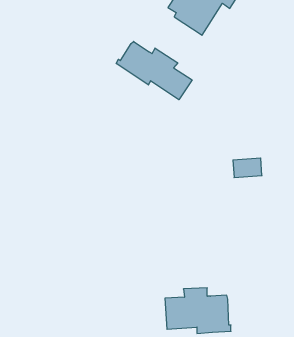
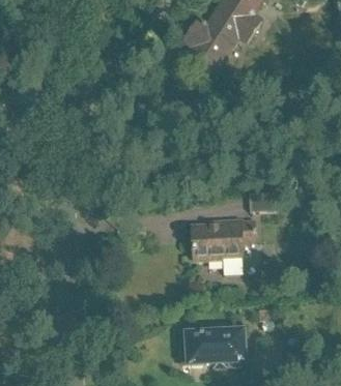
building: [116,41,192,100] -> none
building: none -> [192,217,255,272]

